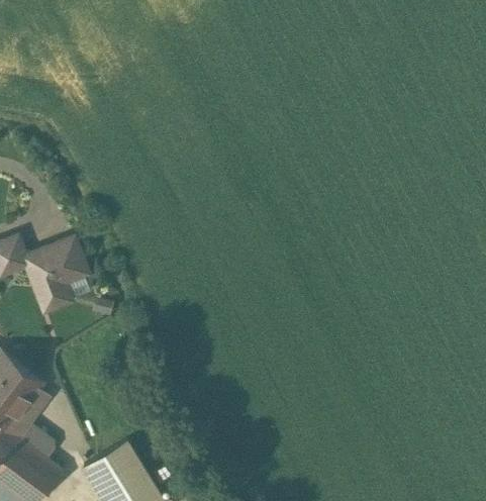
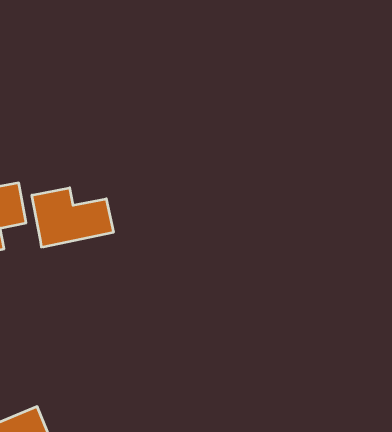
building: none -> [32,188,113,247]

